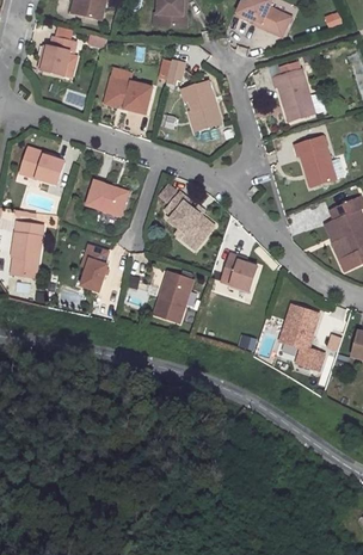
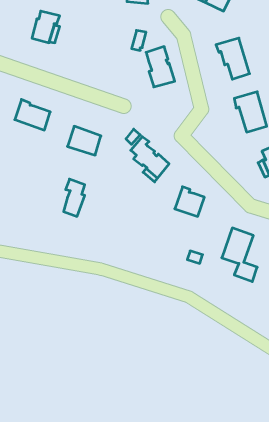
building: [105,75,154,113] -> none
building: [12,221,44,277] -> none
building: [154,272,193,322] -> none

